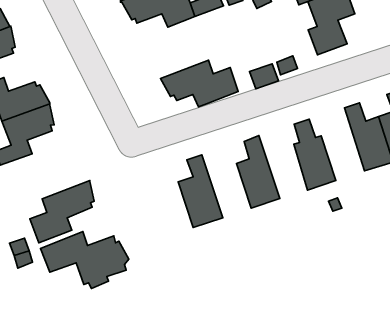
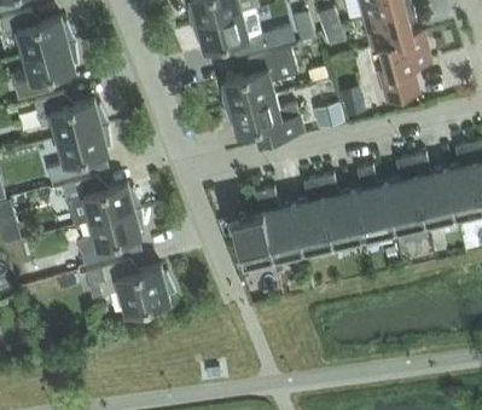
building: none -> [221,47,297,109]
building: none -> [383,156,424,230]
building: none -> [319,174,364,243]
building: none -> [259,187,304,258]
building: none -> [62,177,141,221]

